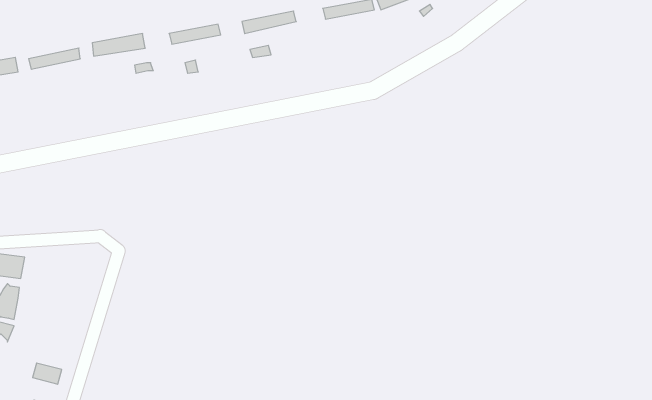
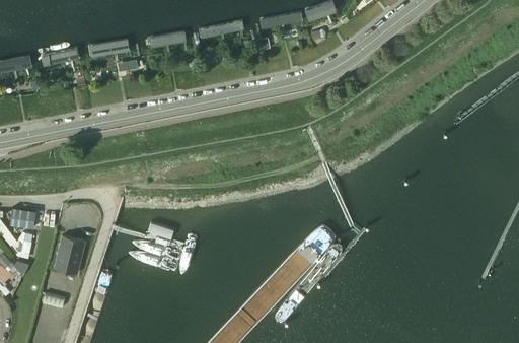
building: none -> [53,233,83,271]

